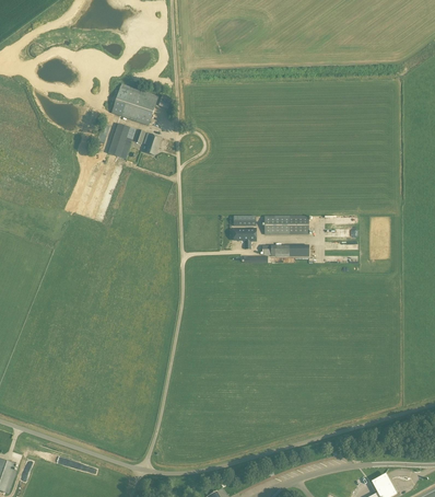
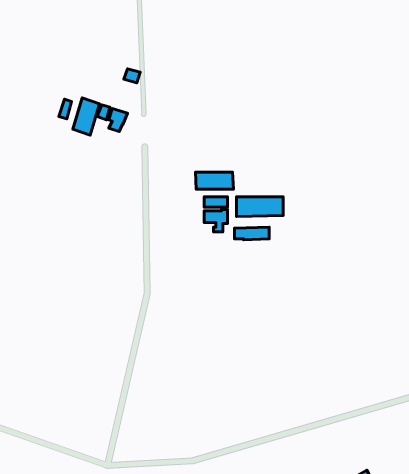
building: [110,84,157,124] -> none
building: none -> [196,172,233,189]

